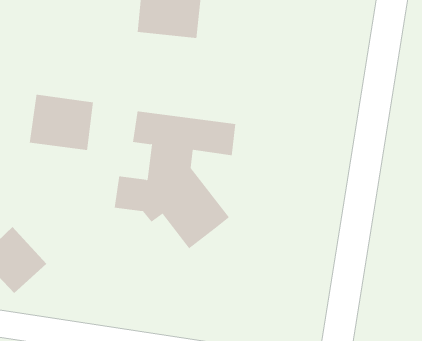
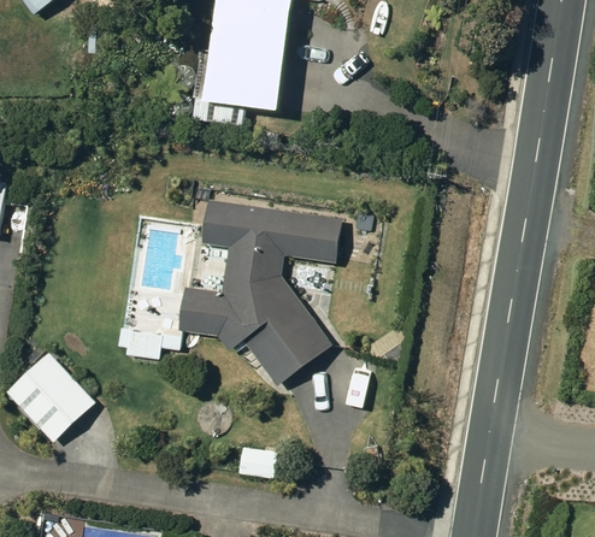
building: [29,94,93,151] -> none

